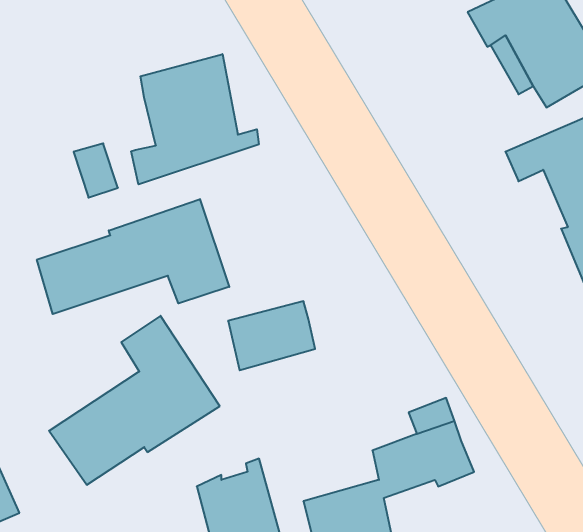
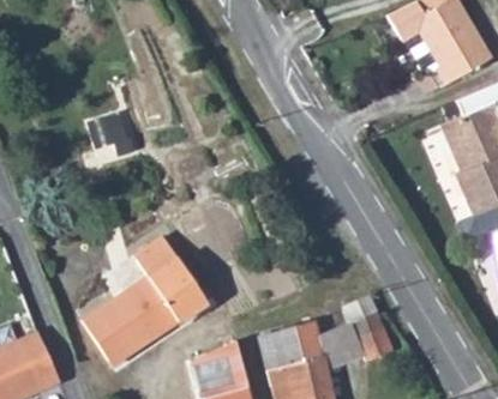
building: [131,54,259,184] -> none
building: [37,199,229,314] -> none
building: [228,301,315,370] -> [260,322,324,373]

